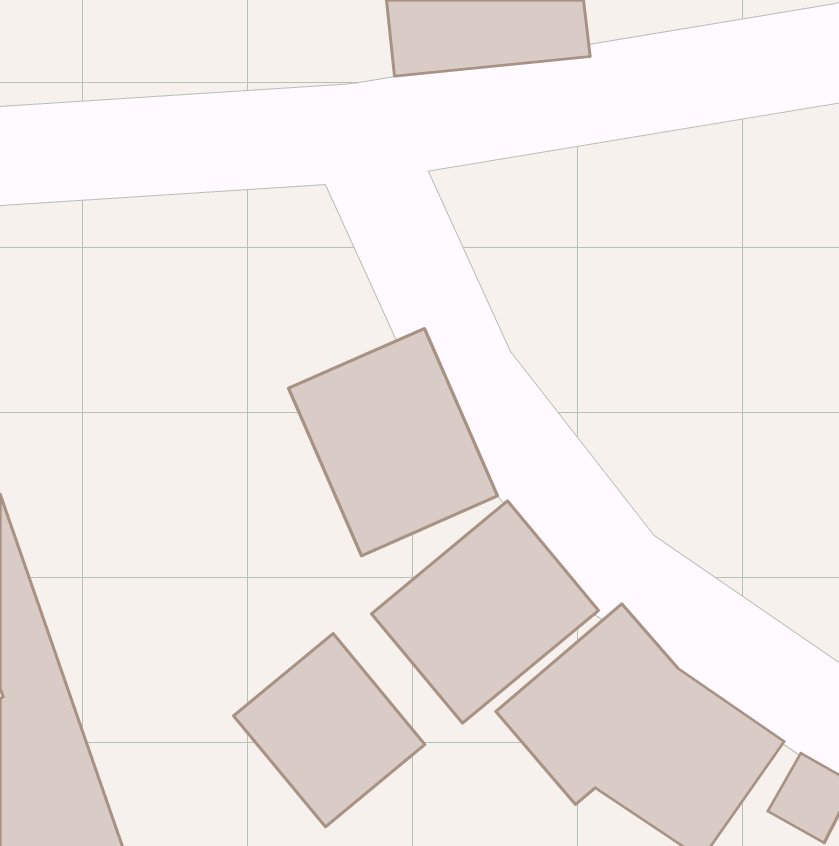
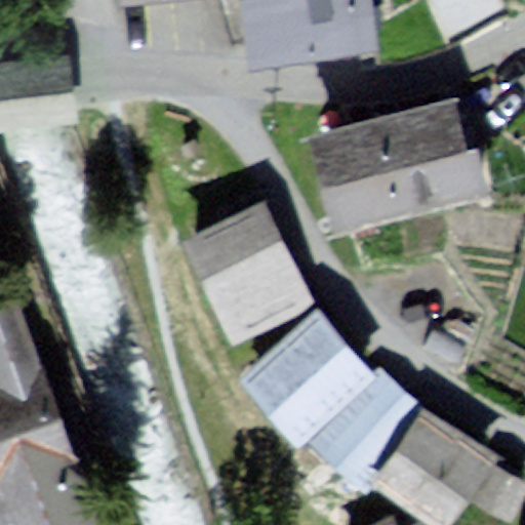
building: none -> [308,96,488,232]
building: [234,634,425,827] -> none

